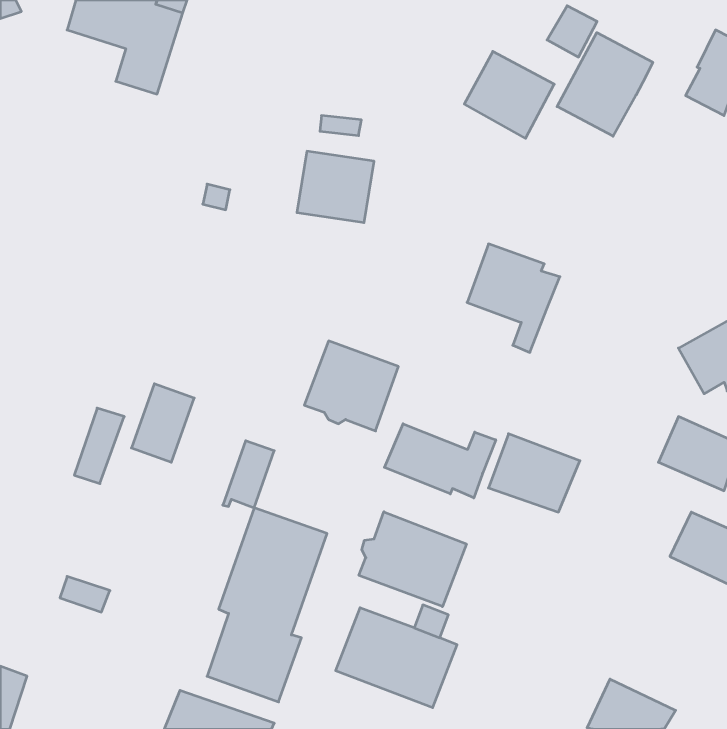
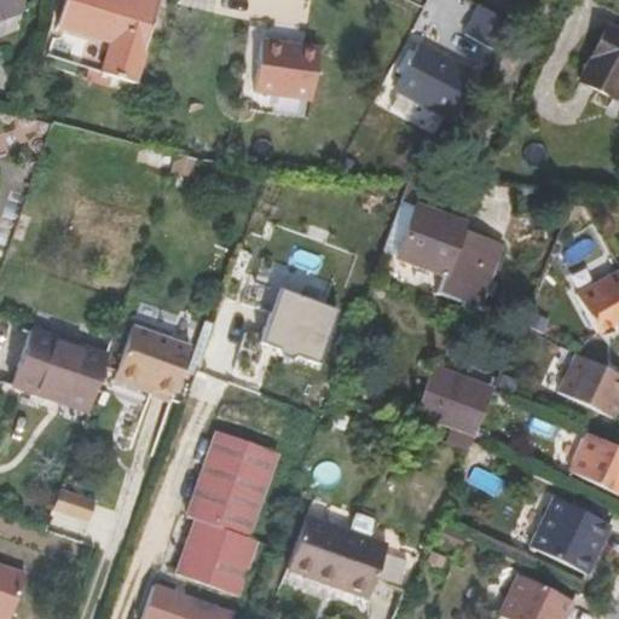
building: [557,33,653,136] -> none
building: [297,151,374,223] -> [254,23,319,83]
building: none -> [451,235,505,311]
building: none -> [13,329,85,403]
building: [384,424,496,498] -> none
building: [223,441,274,508] -> [147,337,191,394]
building: [359,512,466,607] -> none
building: none -> [531,498,611,574]

